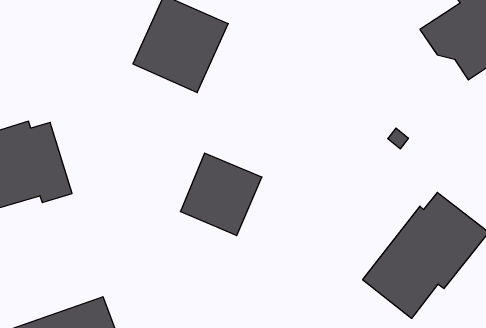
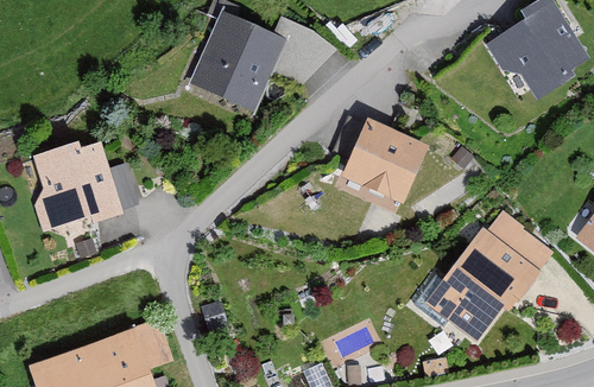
building: [180,153,262,236] -> [343,118,428,203]

